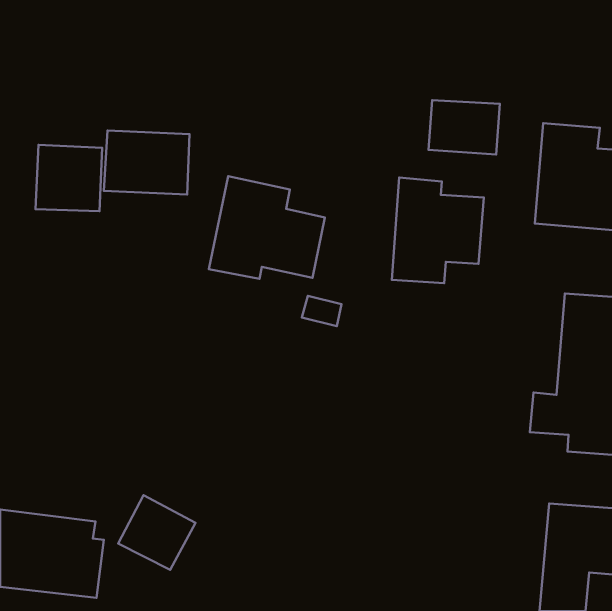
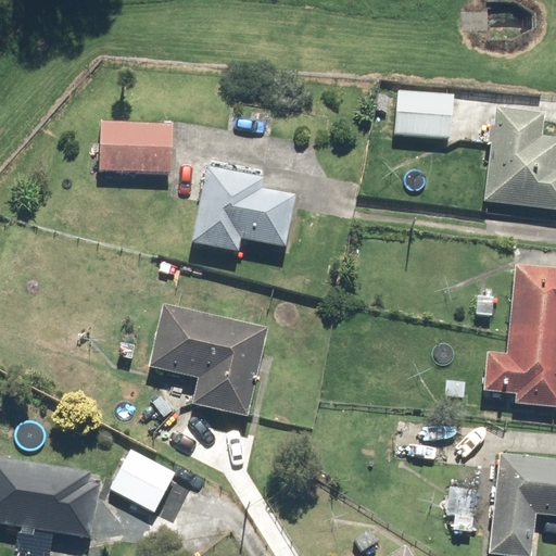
building: [36,145,102,211] -> none
building: [392,177,484,283] -> none
building: none -> [148,303,267,417]

